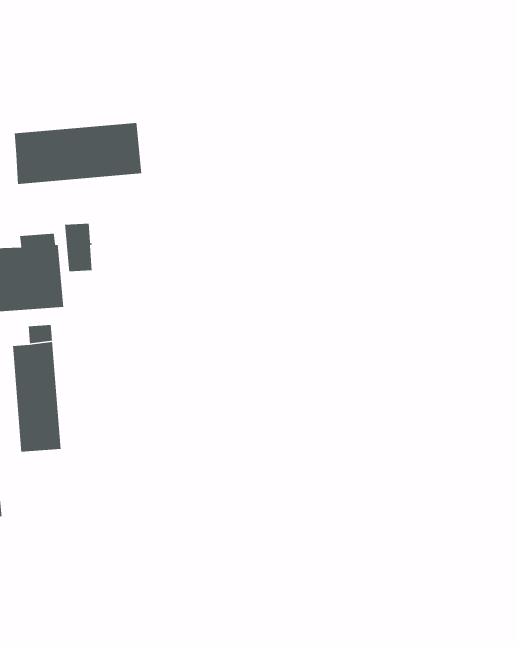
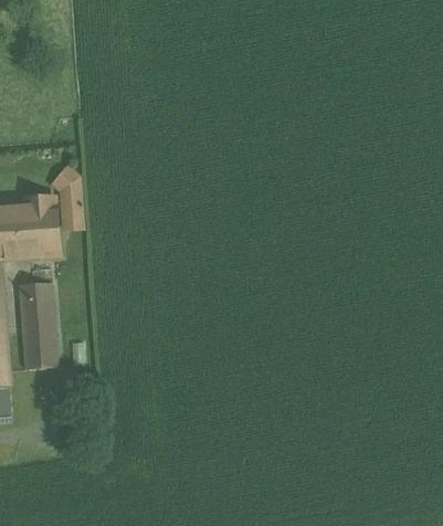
building: [14,122,142,185] -> none

